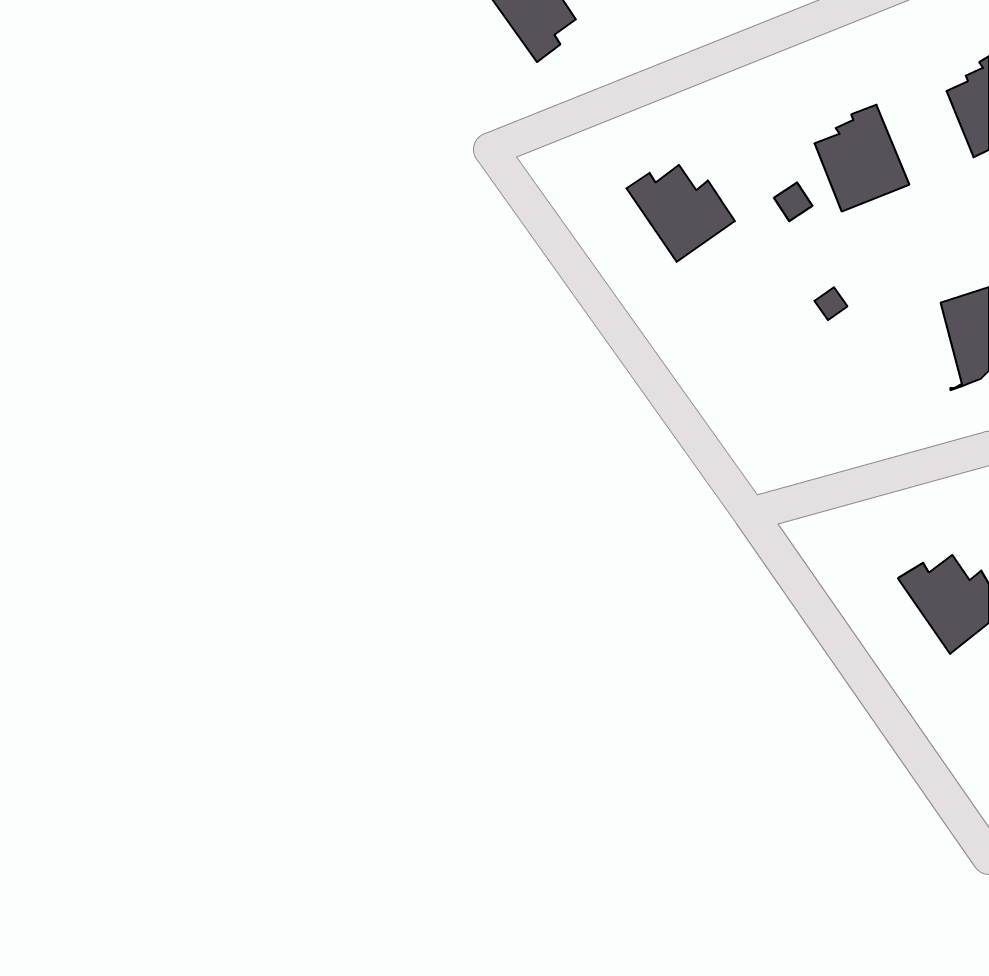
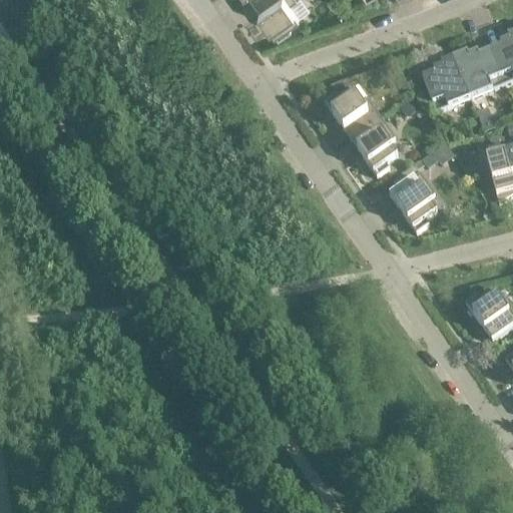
building: none -> [453,47,503,95]
building: none -> [350,114,397,173]
building: none -> [389,169,436,229]

